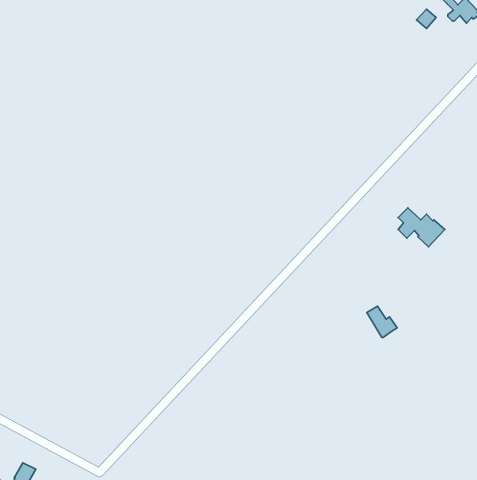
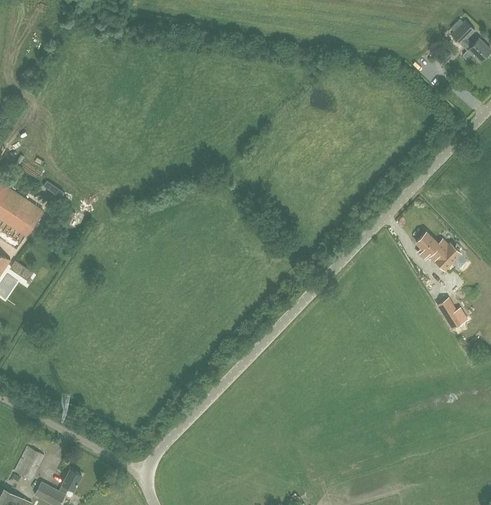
building: [367,306,397,338] -> [438,299,466,328]

